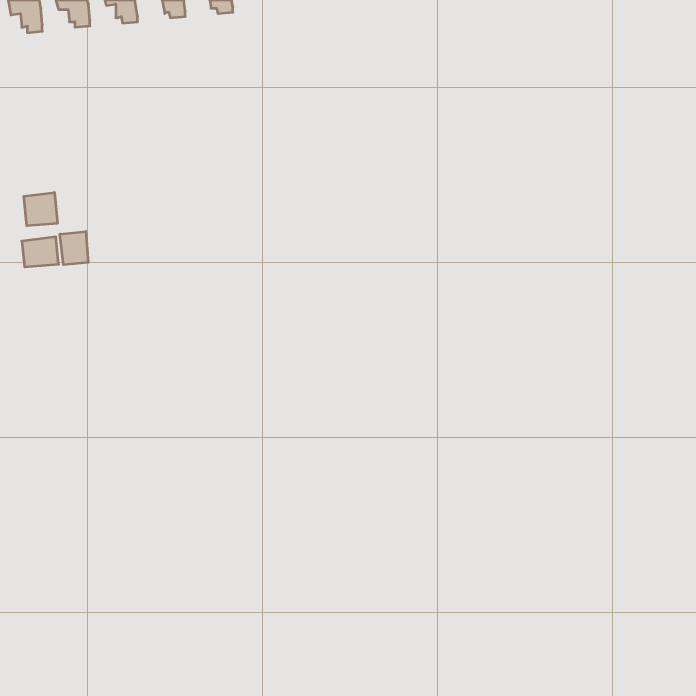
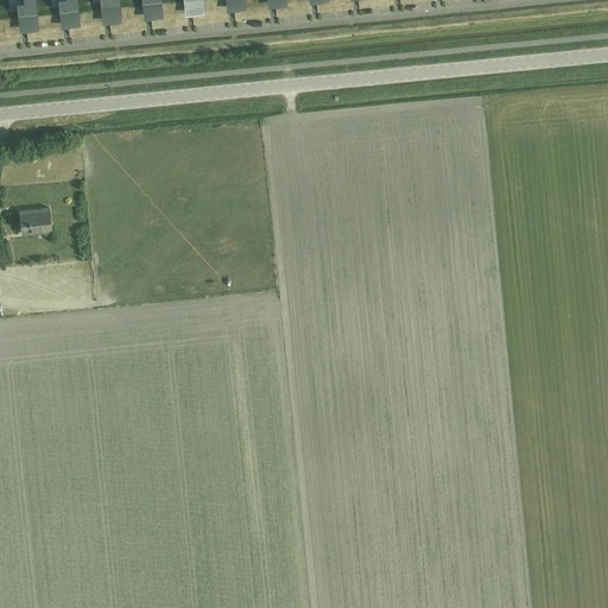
building: [24,192,57,226] -> none
building: [60,231,88,265] -> none

